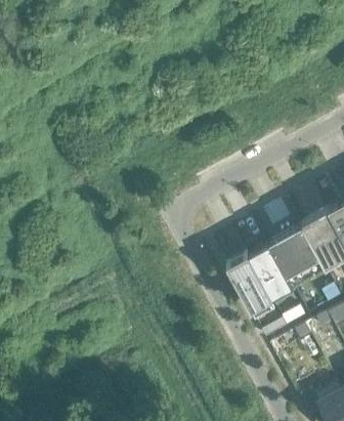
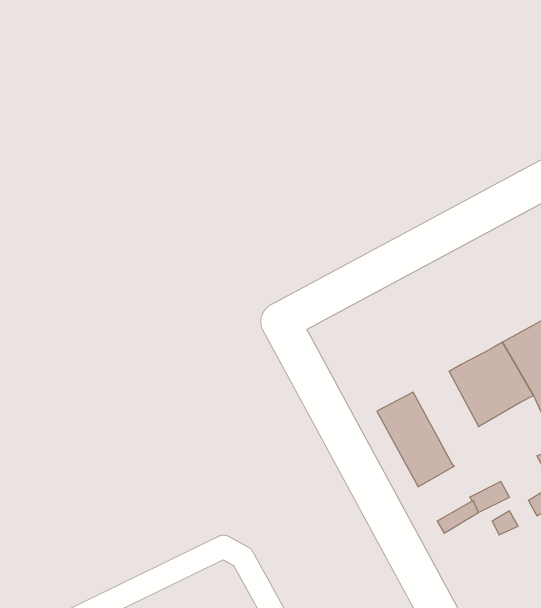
building: [248,244,293,299] -> none

